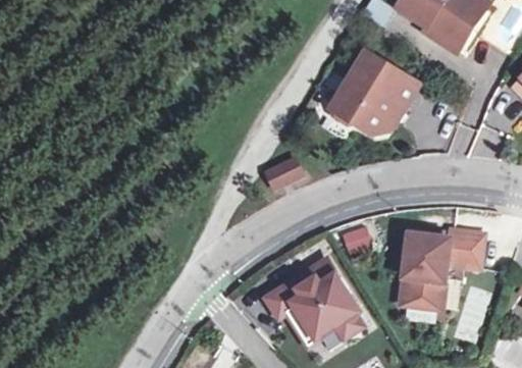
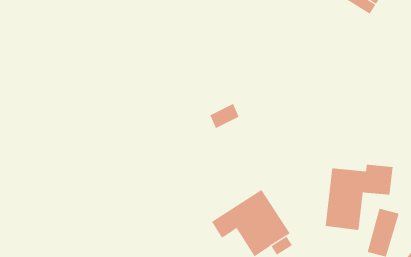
building: [330,53,418,136] -> none

